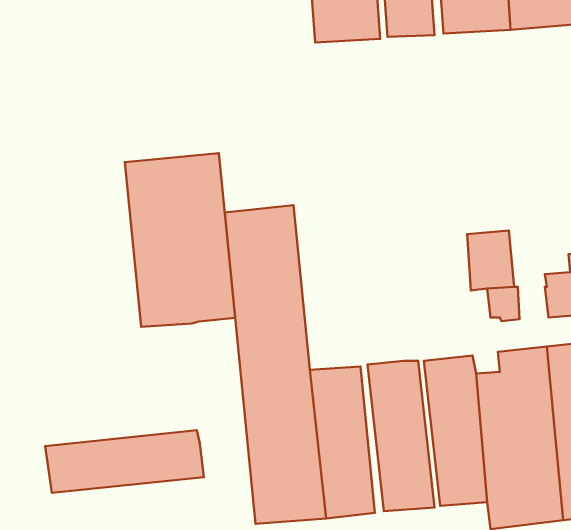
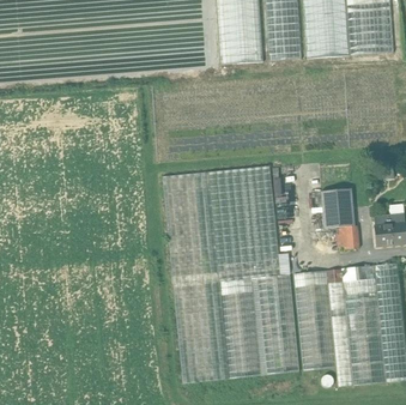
building: [125,153,235,327] -> [208,165,281,280]
building: [45,430,204,493] -> none

